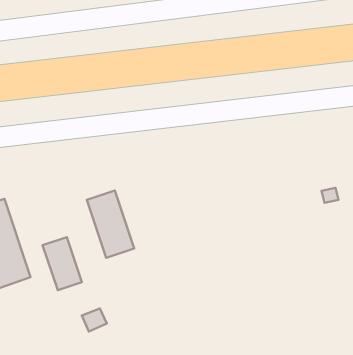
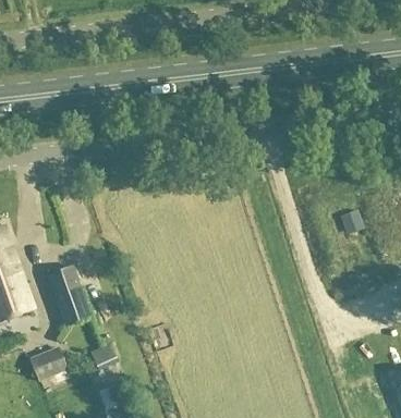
building: [87,190,134,258] -> none
building: none -> [32,348,68,380]

